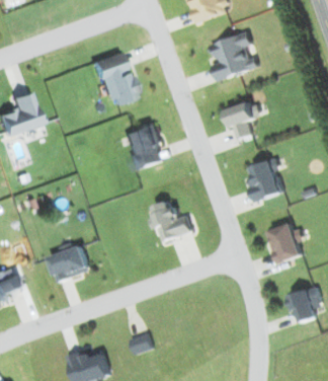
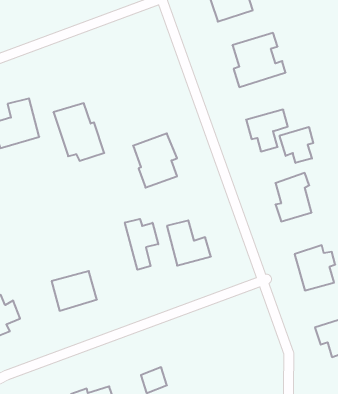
building: [92,52,138,103] -> [53,103,104,161]
building: none -> [280,127,313,163]
building: none -> [125,219,158,270]

